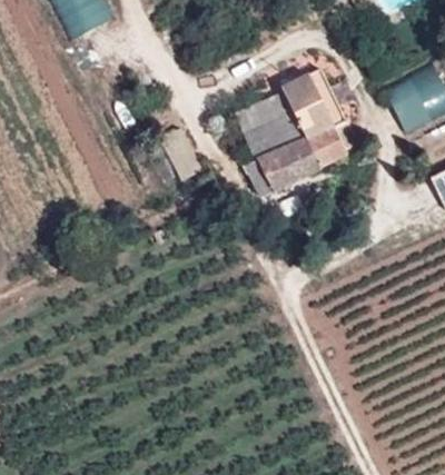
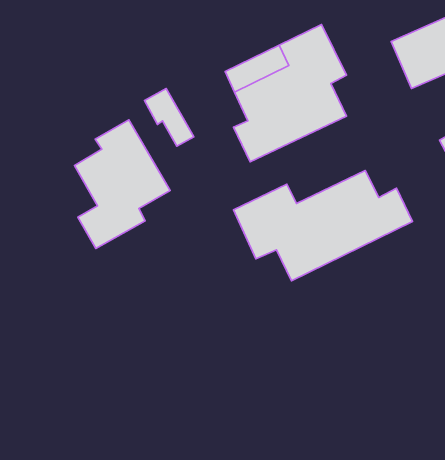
building: none -> [75,120,170,249]
building: none -> [233,171,412,281]

